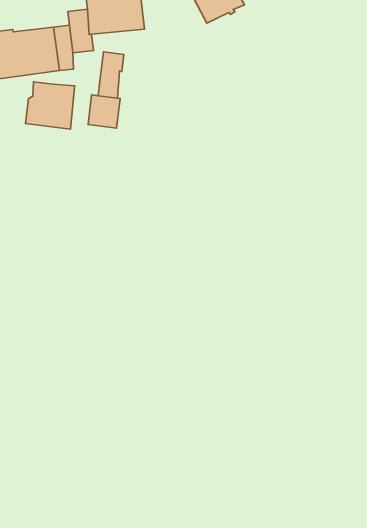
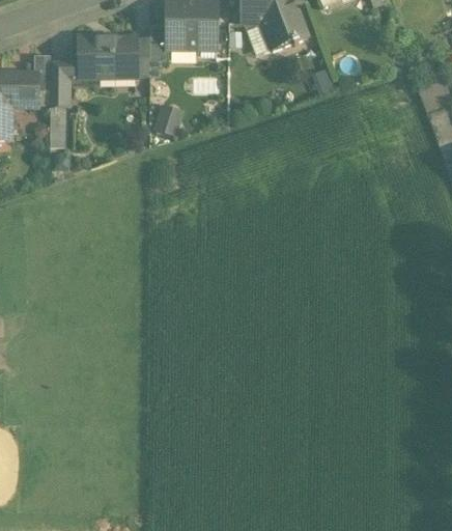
building: [98,52,124,98] -> none
building: [26,82,75,129] -> none

